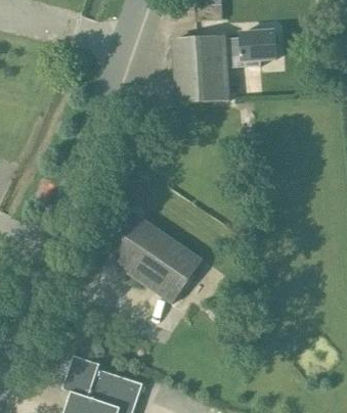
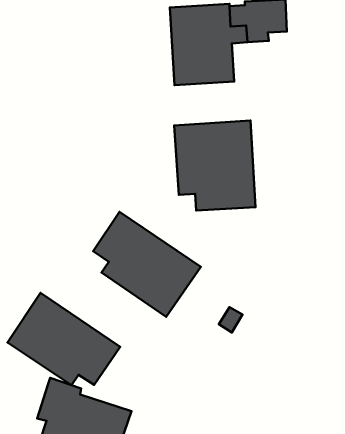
building: none -> [174,121,256,211]
building: none -> [8,293,120,385]

